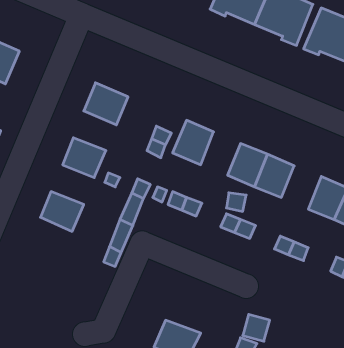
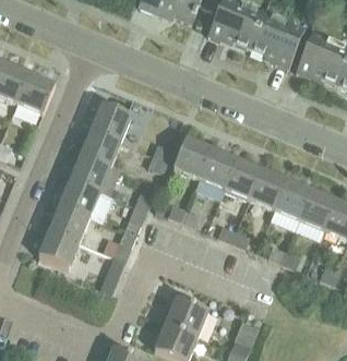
building: none -> [16,72,56,113]
building: none -> [80,128,120,165]
building: none -> [195,147,236,196]
building: none -> [59,178,99,215]
building: none -> [274,179,311,219]
building: none -> [38,227,79,266]
building: none -> [166,296,210,335]

